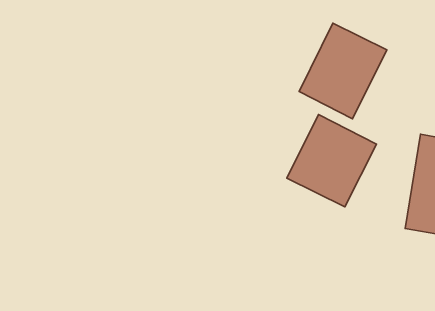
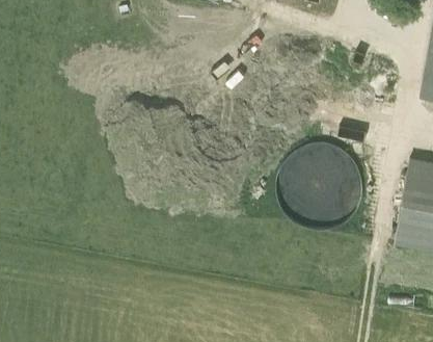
building: [299,23,387,119] -> none

